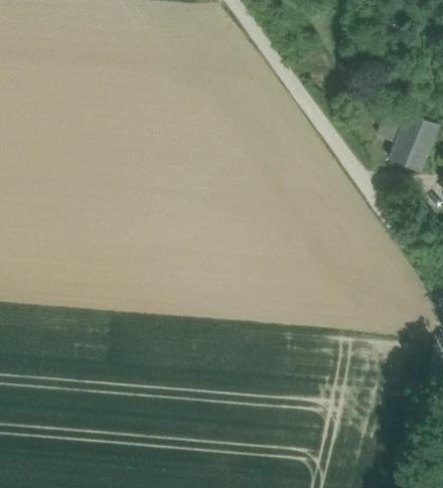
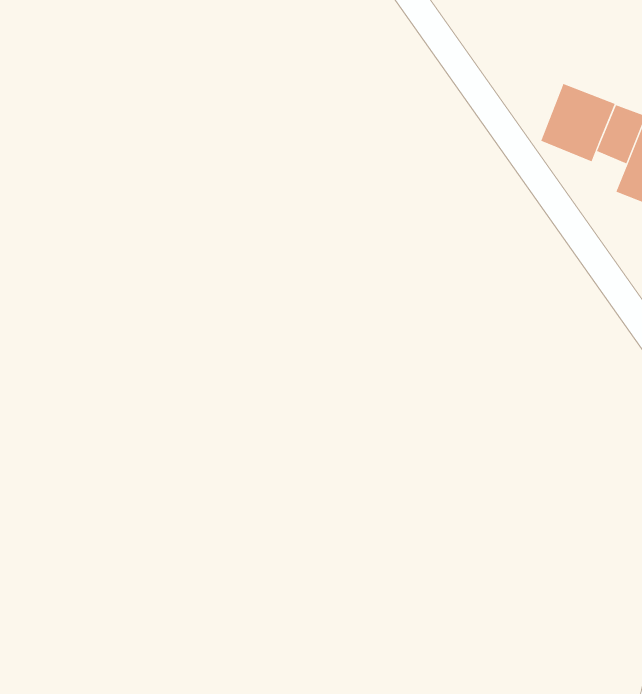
building: none -> [541,83,616,162]

